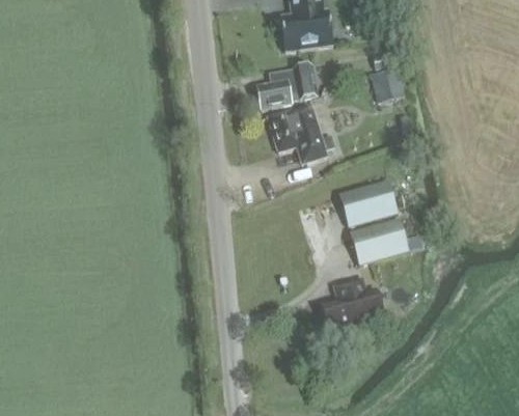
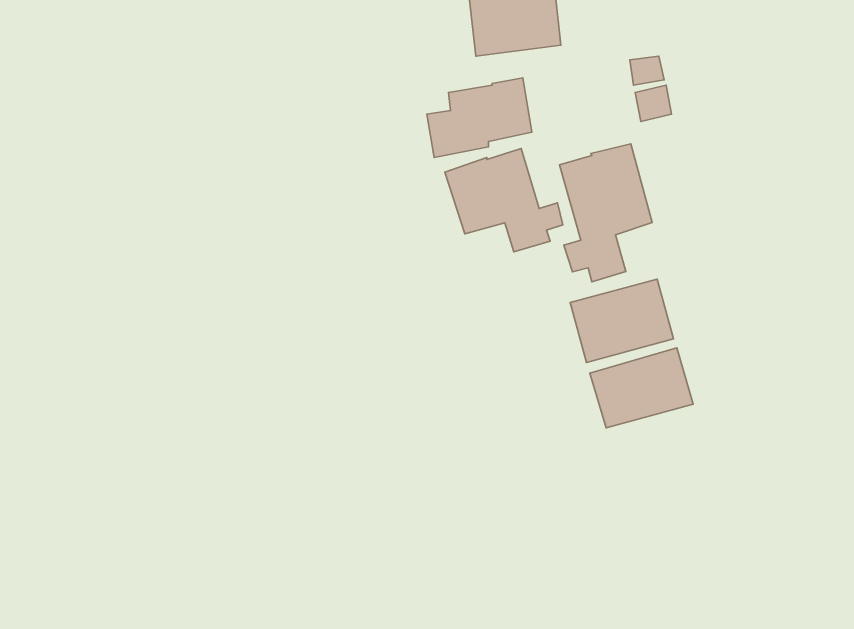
building: none -> [559,144,652,282]
building: [322,277,384,329] -> none

